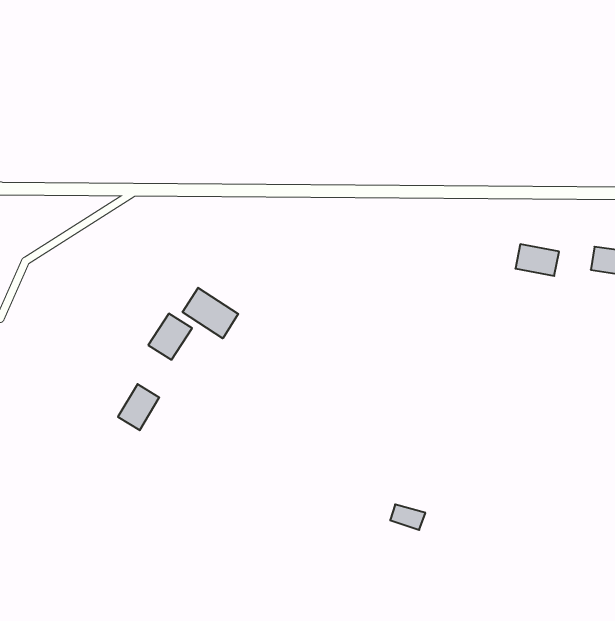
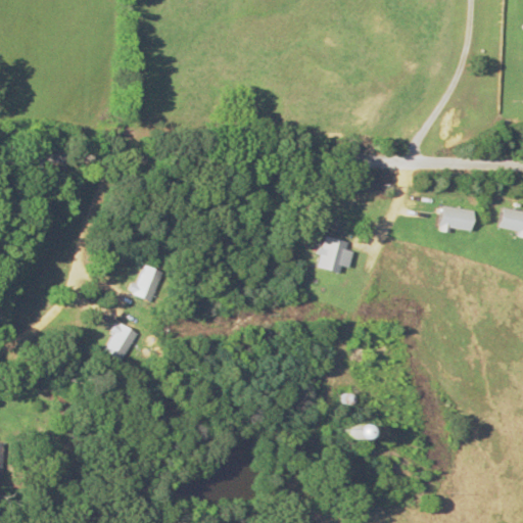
building: none -> [315,237,351,272]
building: [183,288,238,338] -> none

